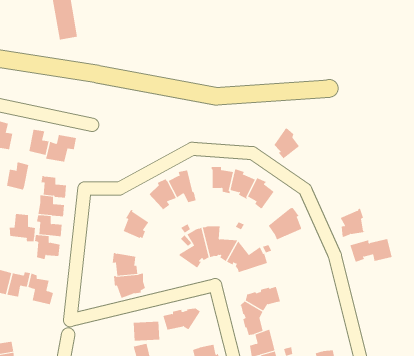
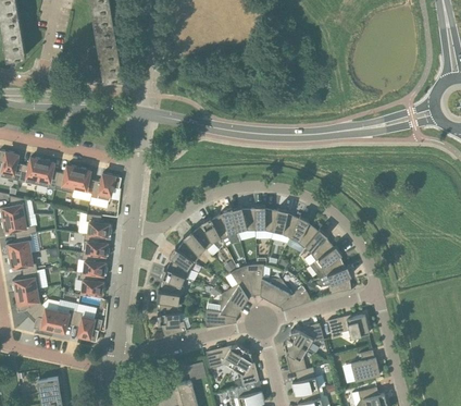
building: [273,127,300,159] -> [307,229,333,260]
building: [6,162,29,190] -> [55,165,78,194]
building: none -> [232,207,256,231]
building: none -> [177,231,205,262]
building: [340,208,365,238] -> [327,266,352,295]
building: [9,213,35,242] -> none
building: none -> [160,269,185,295]
building: [350,238,392,263] -> [327,315,370,339]
building: none -> [204,294,241,328]
building: none -> [233,349,258,385]
building: none -> [351,350,381,381]

